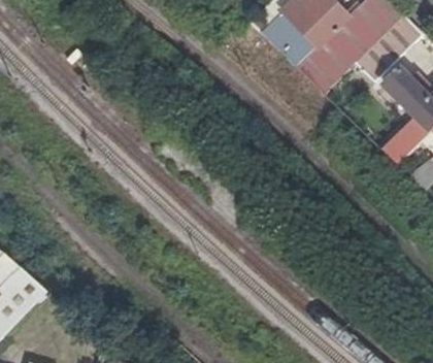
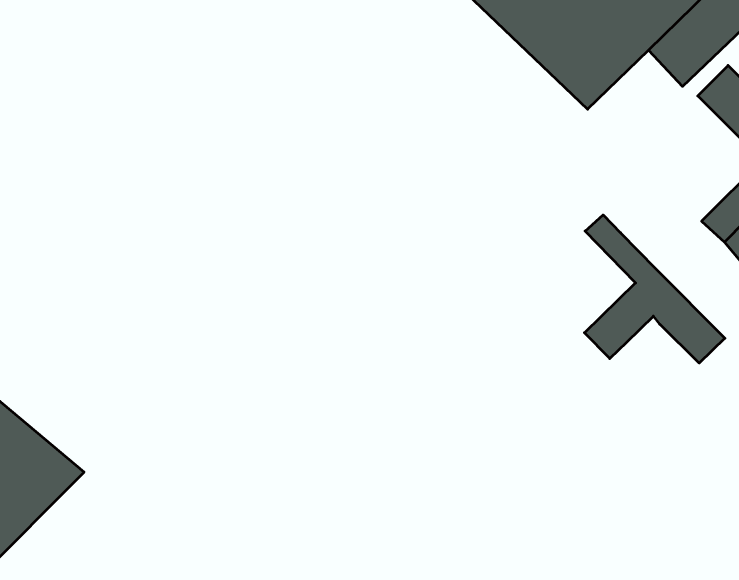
building: none -> [584,215,725,363]

